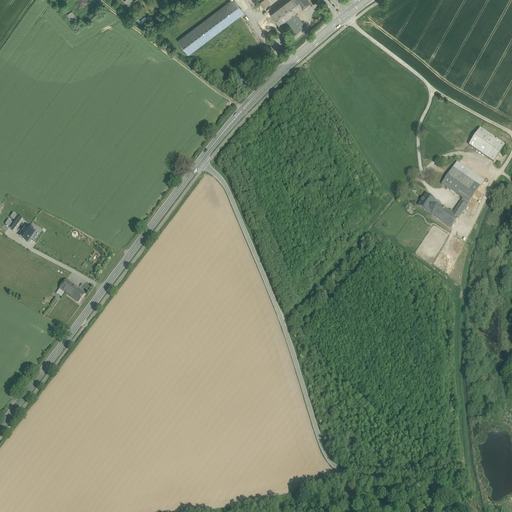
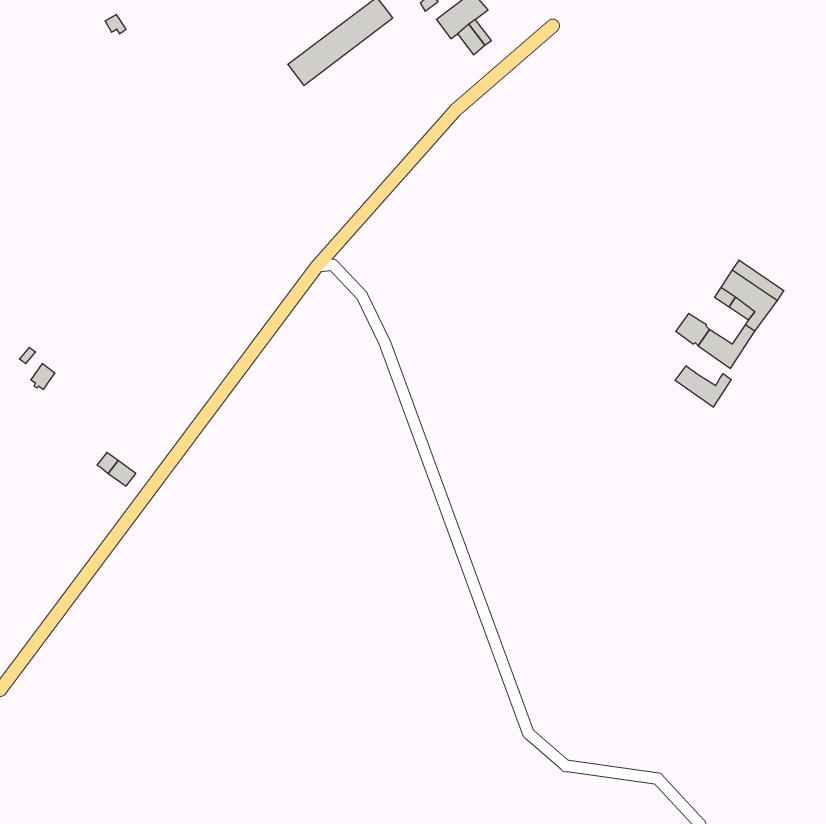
building: [469,128,505,161] -> none
building: none -> [675,366,731,407]

